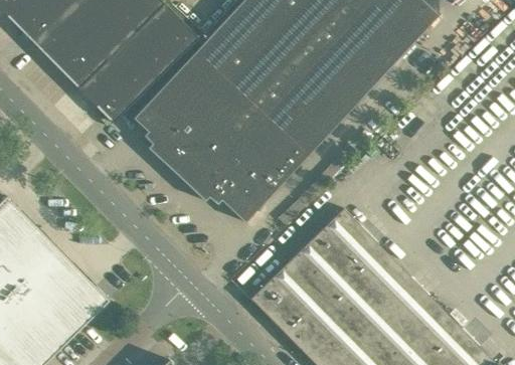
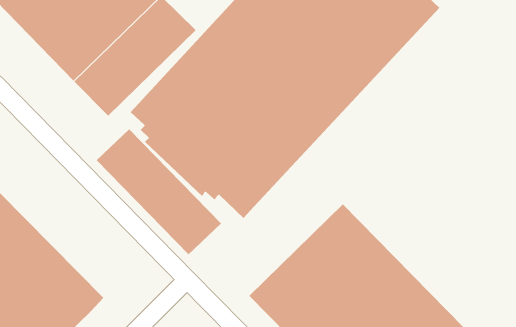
building: none -> [96,128,222,255]

